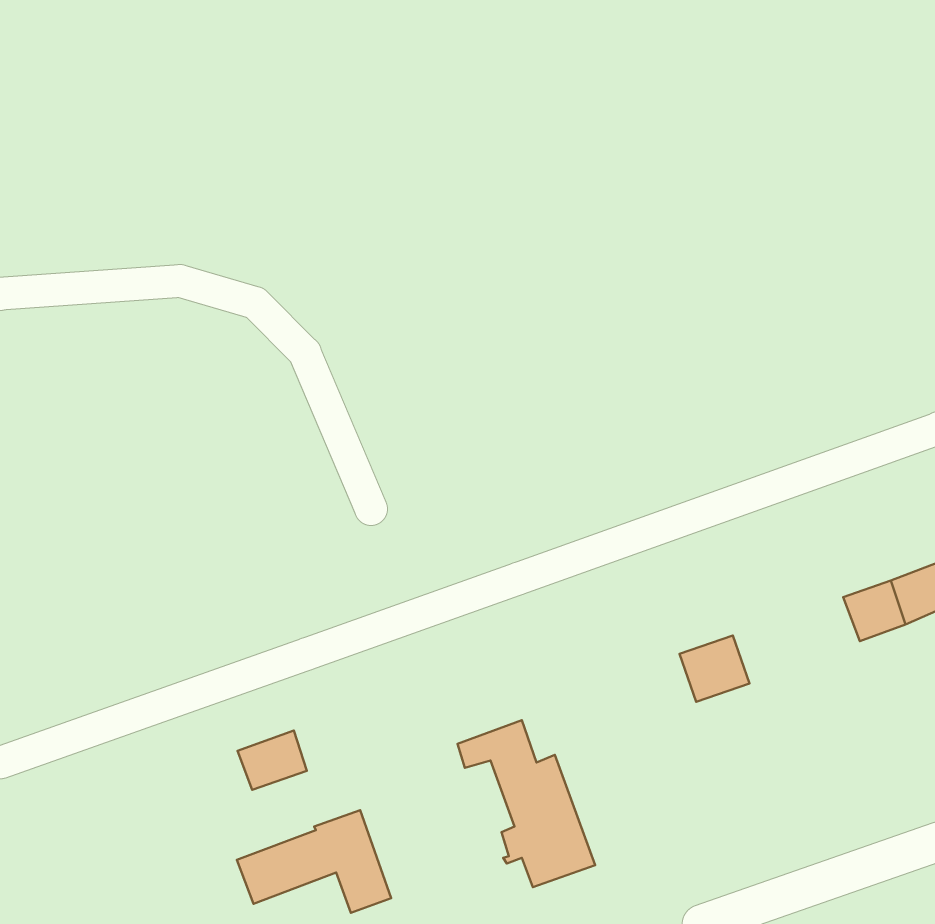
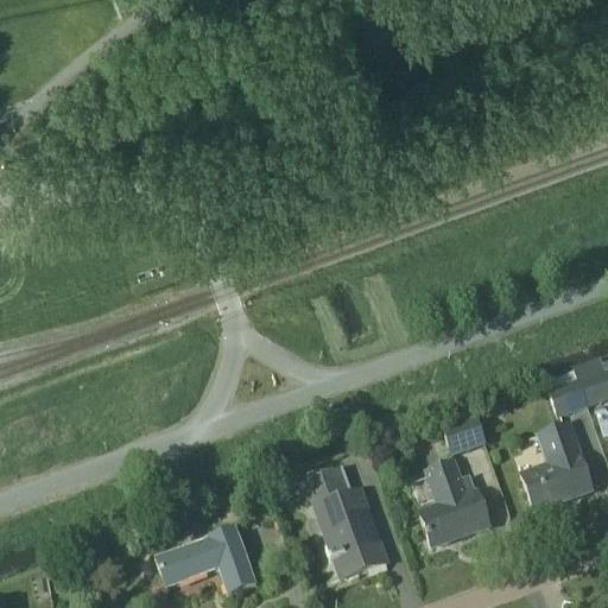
building: none -> [522,423,593,508]
building: none -> [419,457,490,545]
building: [237,731,307,790] -> none

